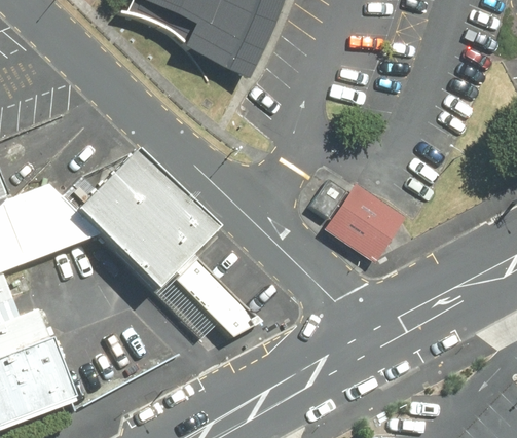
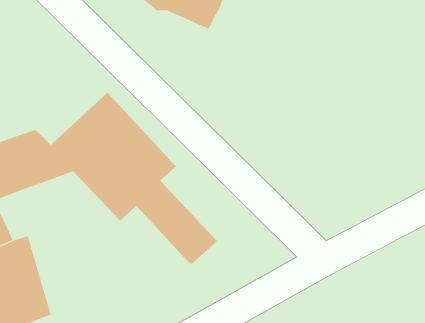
building: [326,183,405,261] -> none

